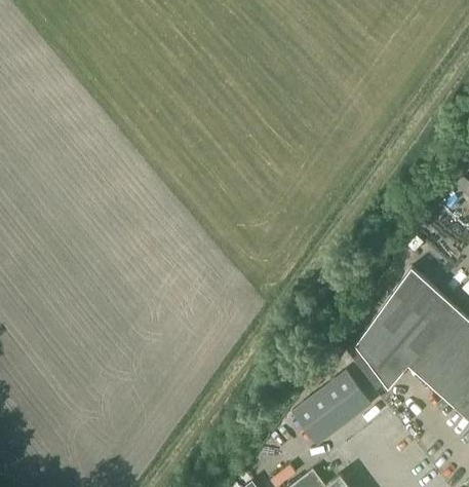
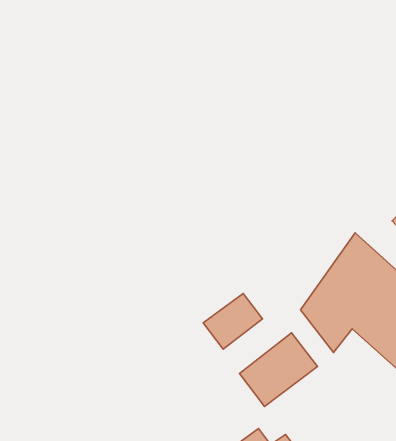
building: none -> [203,293,263,349]

